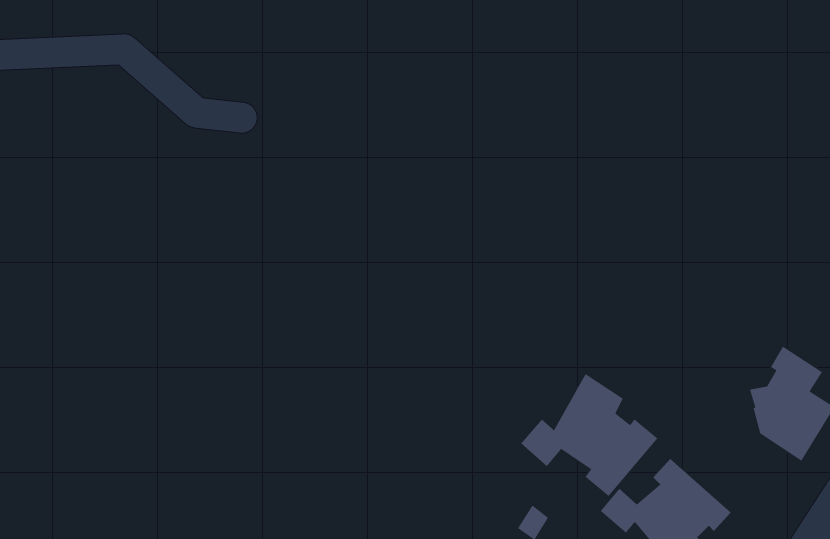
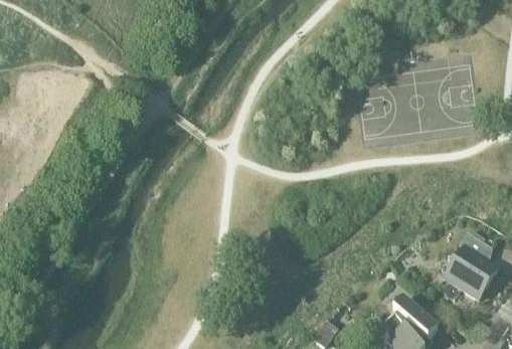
building: [520,373,658,497] -> none

